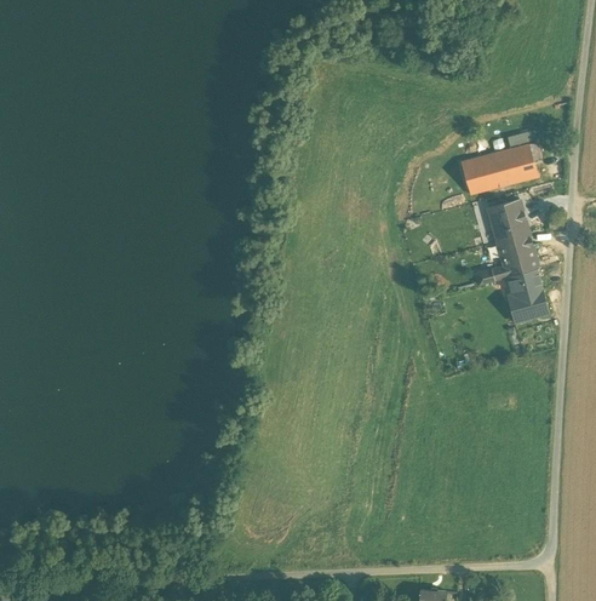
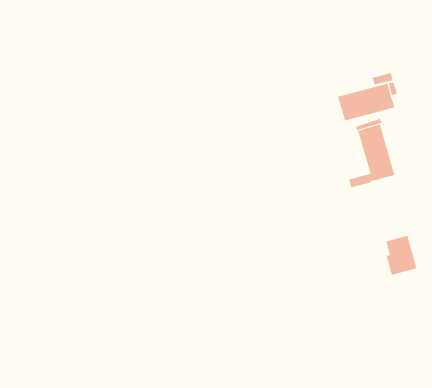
building: [506,269,549,324] -> [386,235,417,276]

